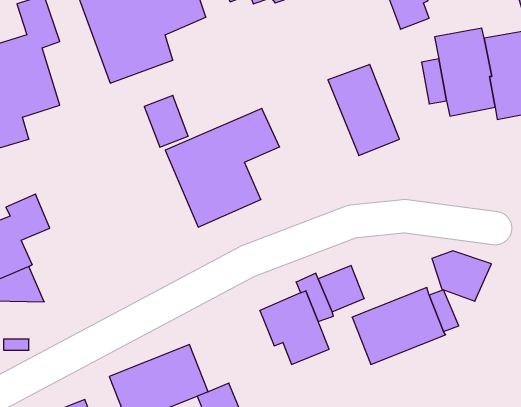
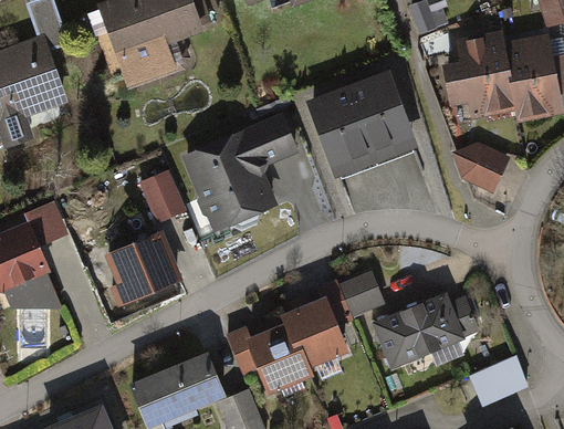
building: none -> [305,84,377,177]
building: [144,95,188,147] -> [140,168,185,220]
building: none -> [104,230,182,306]
building: [432,251,491,301] -> [462,147,522,198]
building: none -> [224,316,313,399]
building: none -> [468,356,528,406]

